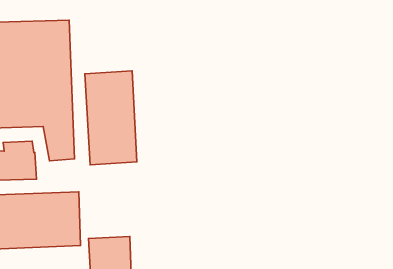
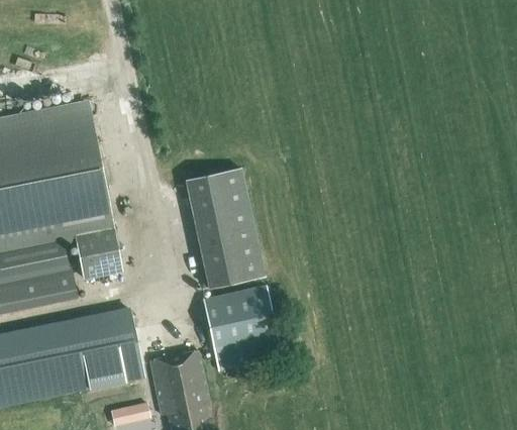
building: [85,71,137,165] -> [186,168,264,287]
building: none -> [204,285,282,369]

